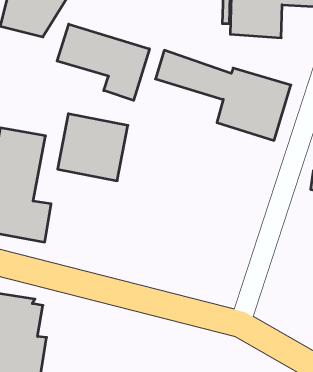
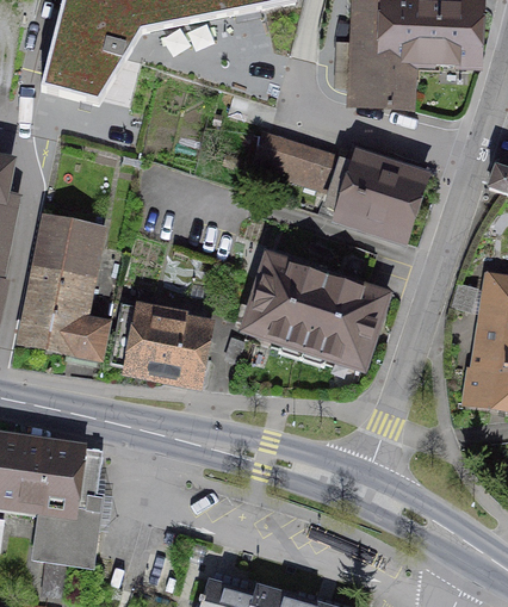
building: [57,24,149,100] -> none
building: [58,114,128,181] -> [111,297,205,386]
building: none -> [238,246,389,366]

